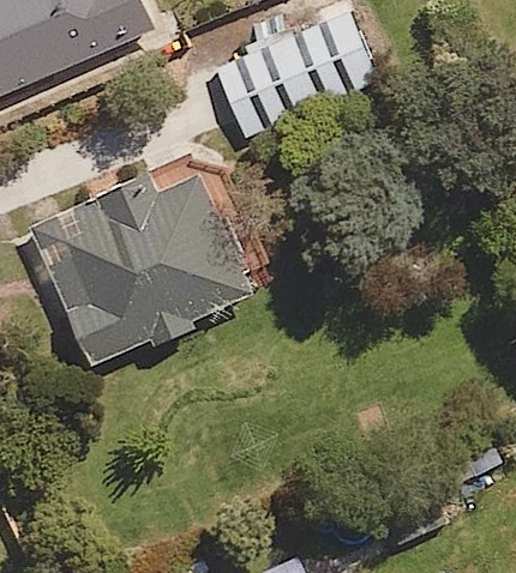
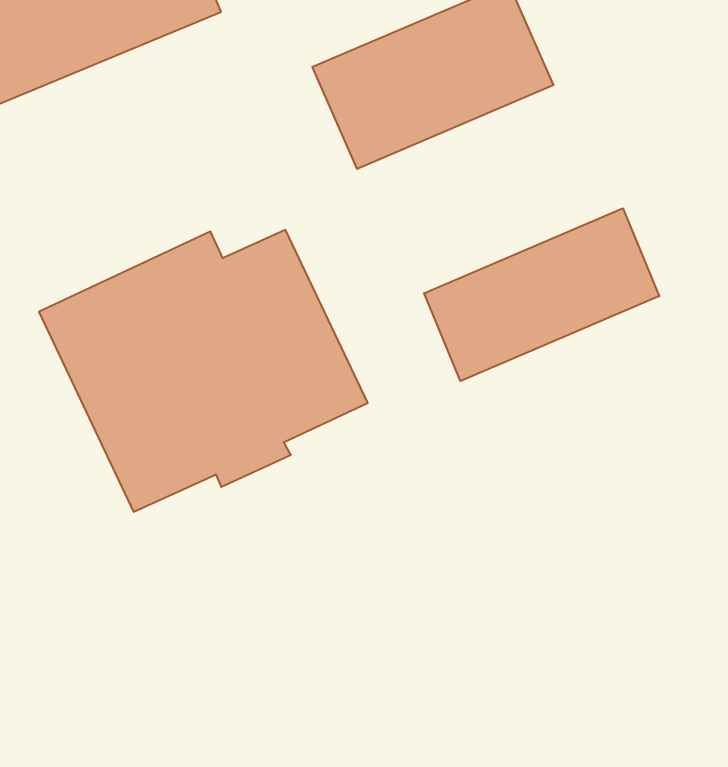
building: none -> [424,208,659,381]

